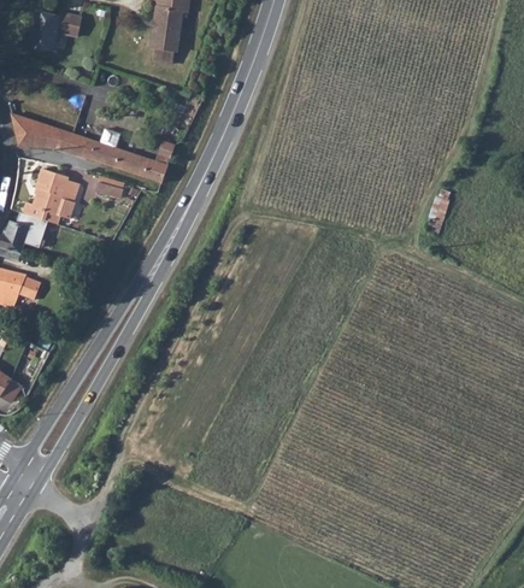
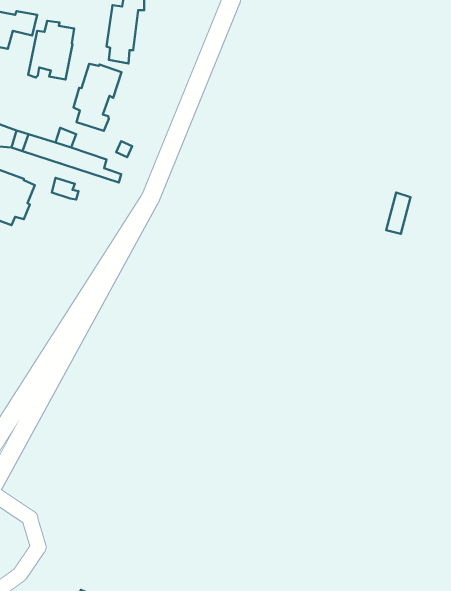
building: none -> [28,21,74,80]
building: none -> [73,64,122,131]

